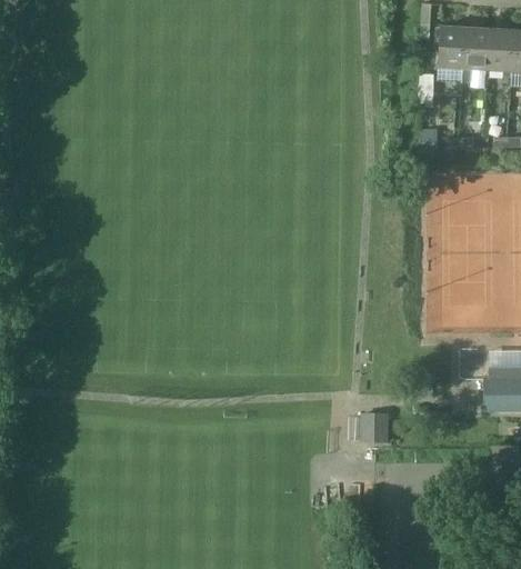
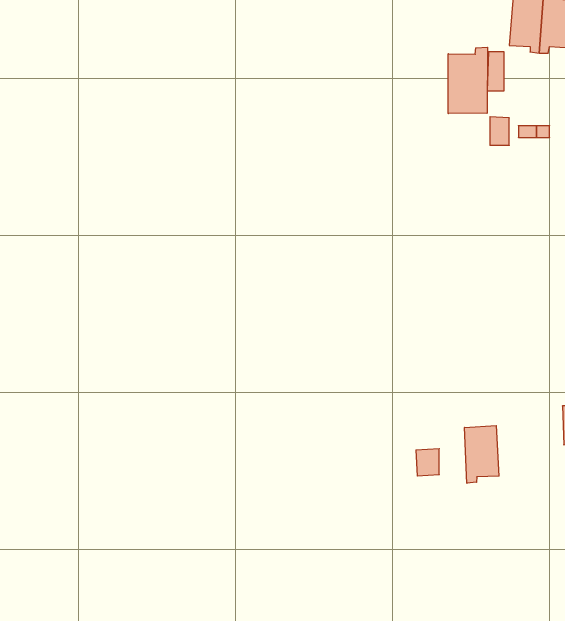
building: none -> [448,47,488,114]
building: none -> [465,426,499,483]

